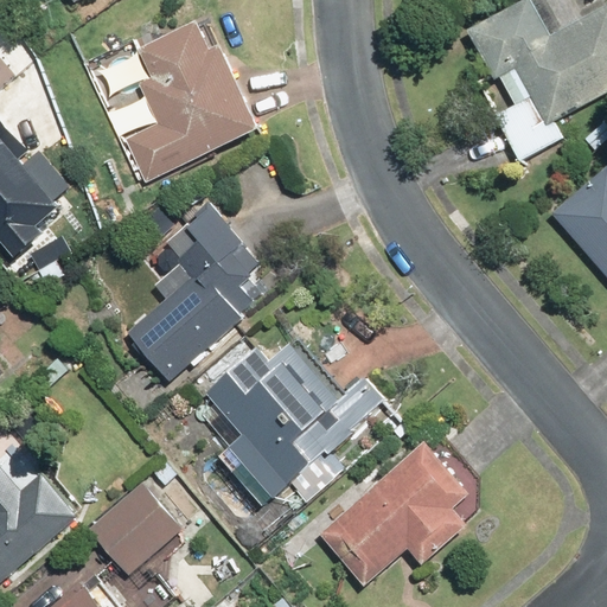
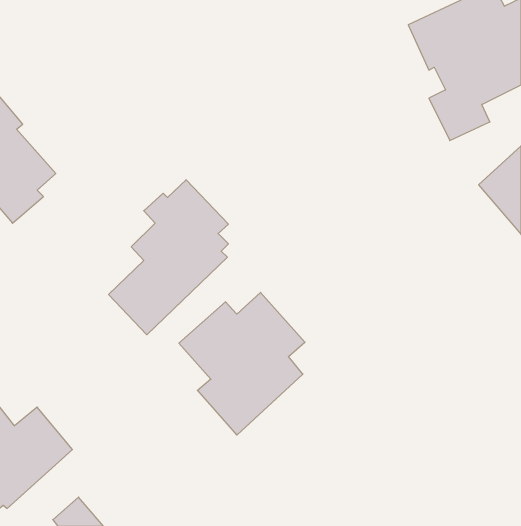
building: [122,20,262,181] -> none
building: [318,437,481,587] -> none
building: [84,478,185,577] -> none

